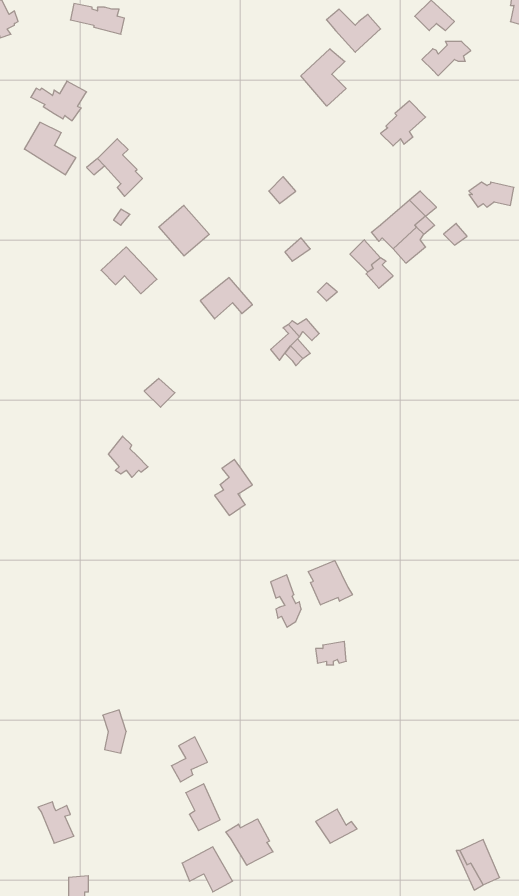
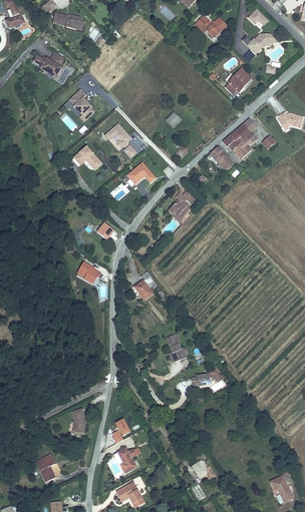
building: [301,49,346,106] -> none
building: [24,122,76,175] -> none
building: [308,561,352,605] -> none
building: [226,819,273,865] -> none

